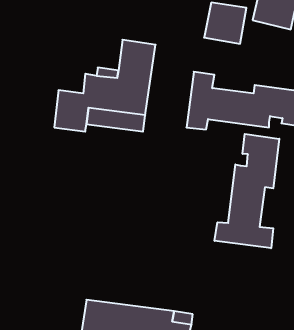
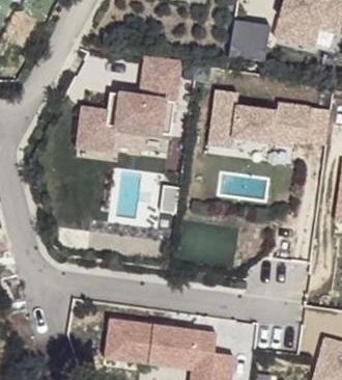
building: [215,134,279,248] -> none

